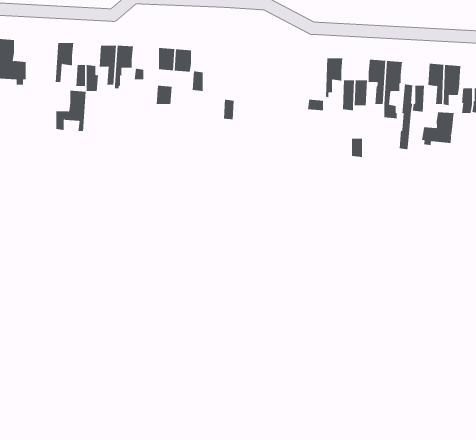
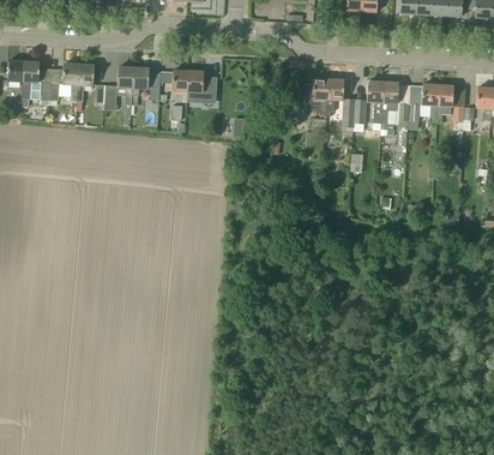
building: none -> [303,77,329,115]
building: [55,90,86,132] -> [50,62,79,101]
building: [422,111,454,146] -> none

